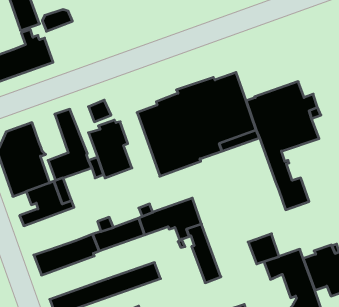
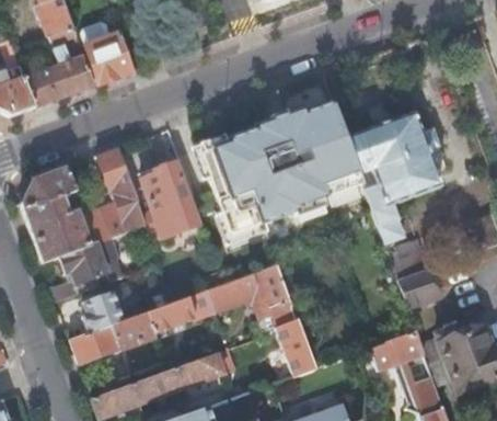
building: none -> [84,33,132,84]
building: none -> [81,291,123,332]
building: [248,234,279,264] -> [396,269,437,308]

